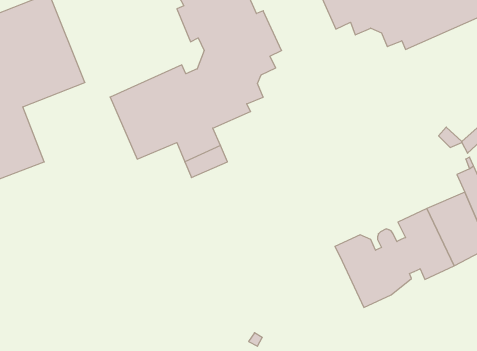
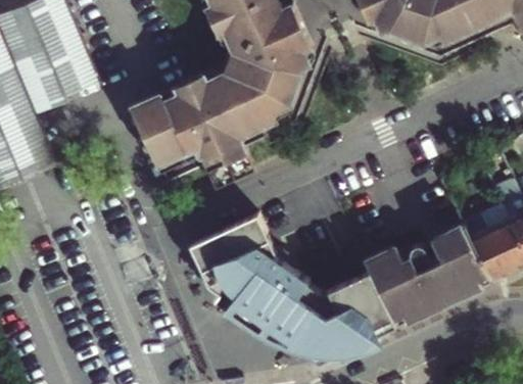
building: none -> [194,215,397,362]

